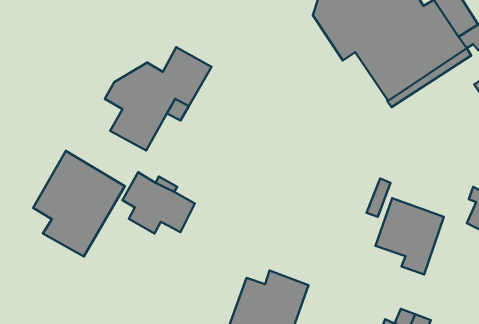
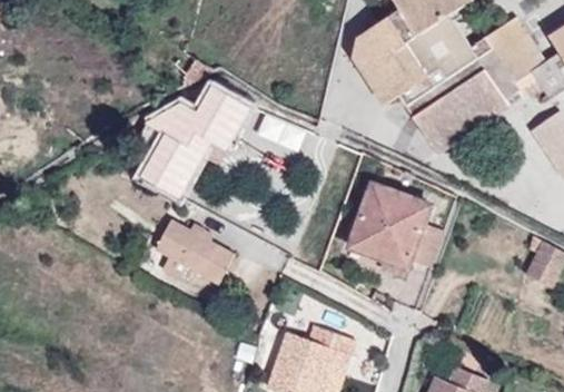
building: [33,151,125,256] -> none
building: [376,198,444,275] -> [355,185,428,267]

